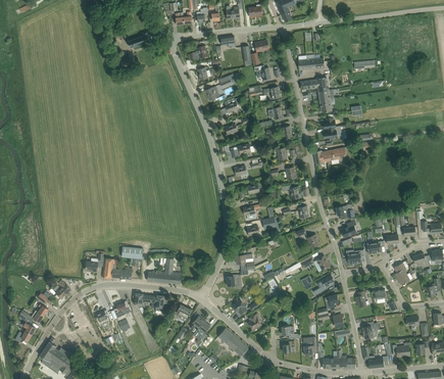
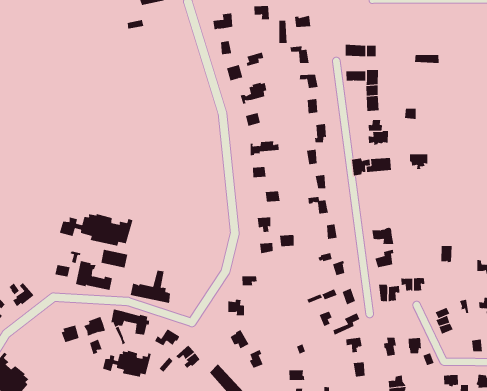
building: none -> [59,213,133,247]
building: none -> [102,350,151,378]

